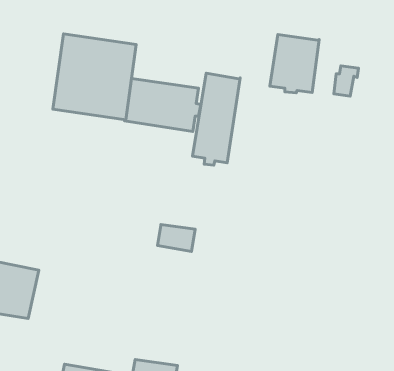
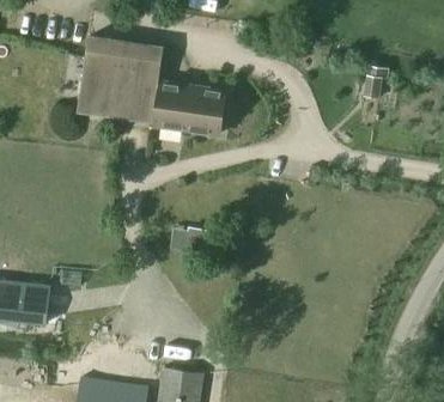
building: [270,34,319,93] -> none
building: [192,73,240,165] -> none

